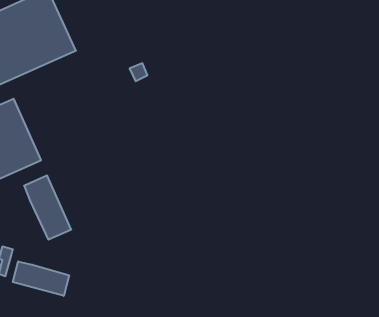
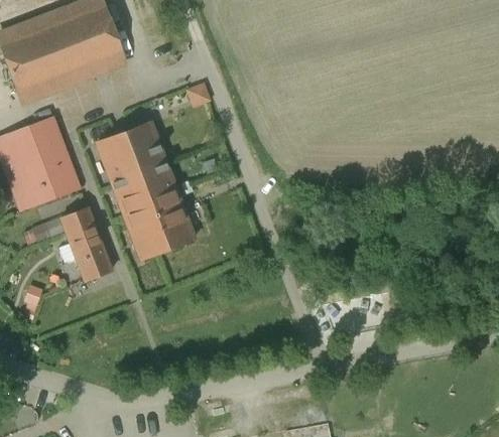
building: none -> [98,122,194,258]
building: [13,261,69,296] -> none

